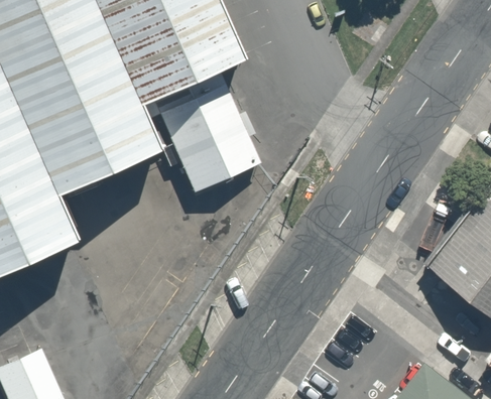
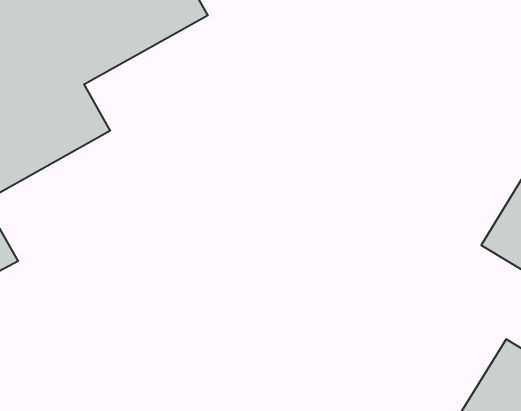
building: [146,83,248,198] -> none

